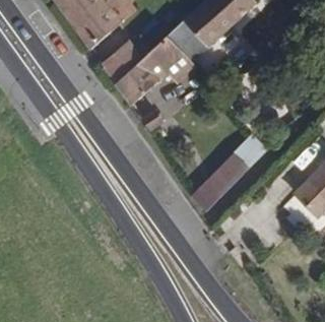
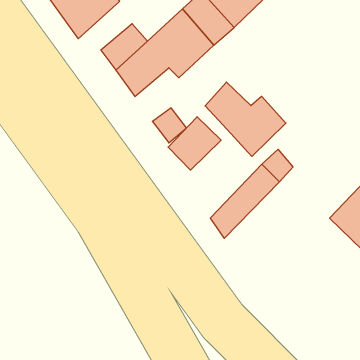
building: none -> [205,82,286,156]
building: none -> [168,117,221,170]

